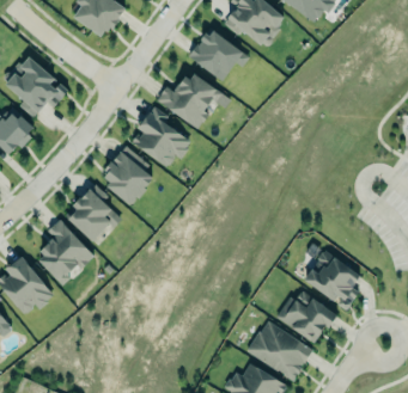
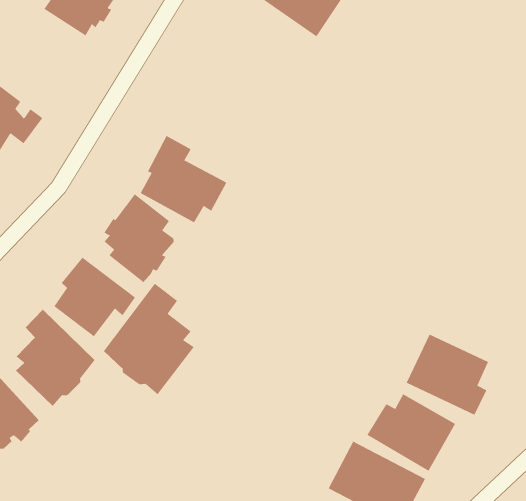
building: [188,27,249,81] -> none
building: [156,72,223,127] -> none
building: none -> [103,283,195,395]

